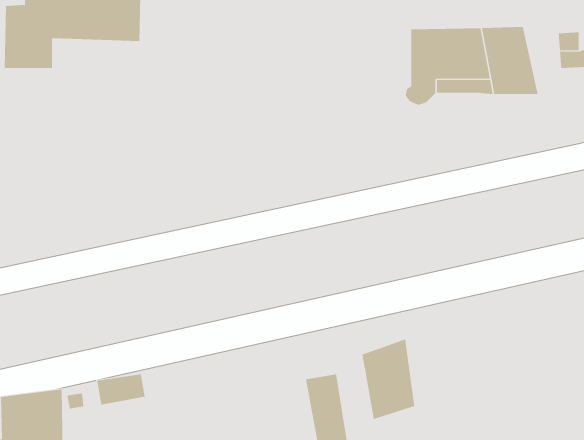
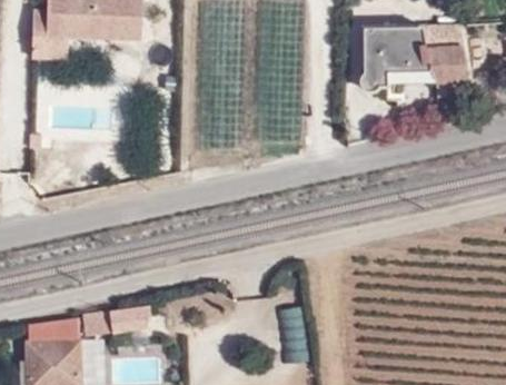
building: [362,339,415,420] -> none

